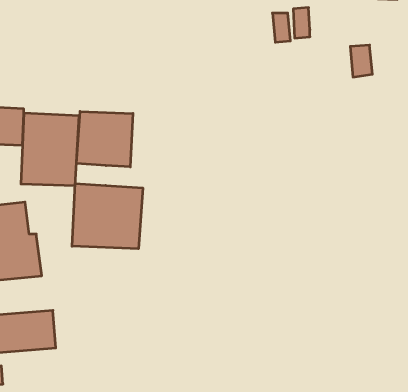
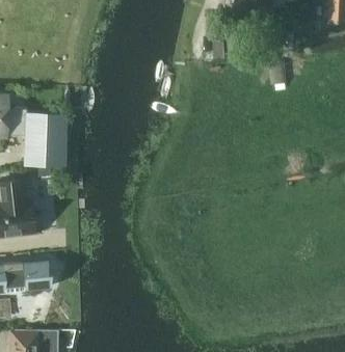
building: [76,111,133,167] -> none
building: [72,184,143,249] -> none

